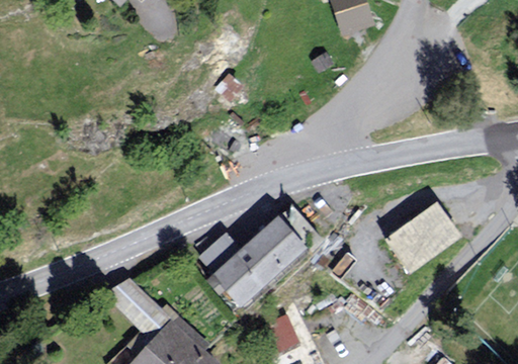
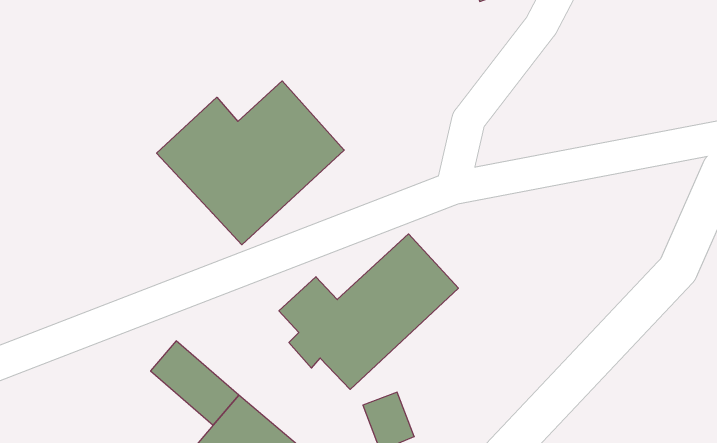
building: none -> [157,81,344,245]
building: [381,195,469,279] -> none

